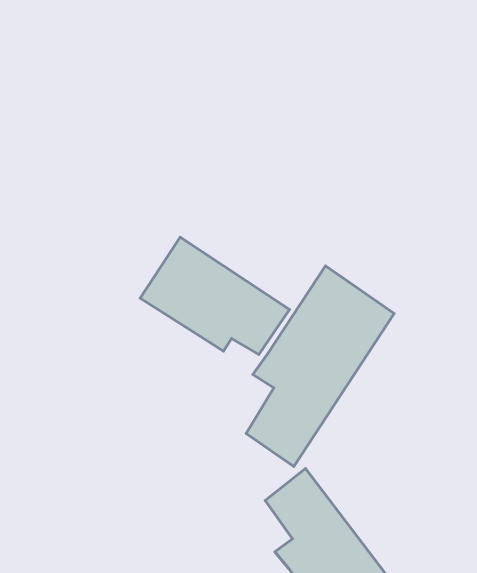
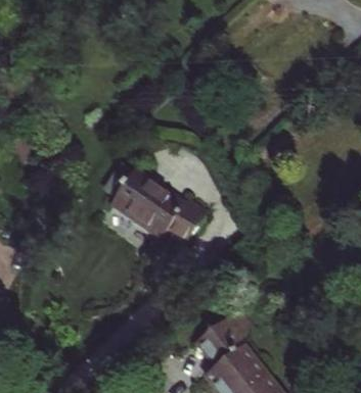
building: [246,266,394,466] -> none

